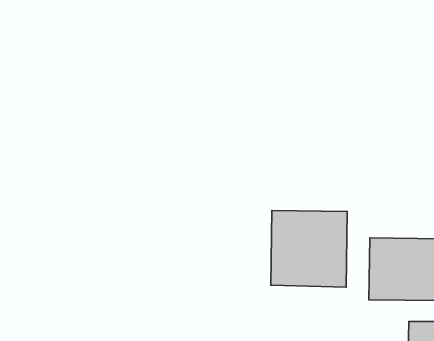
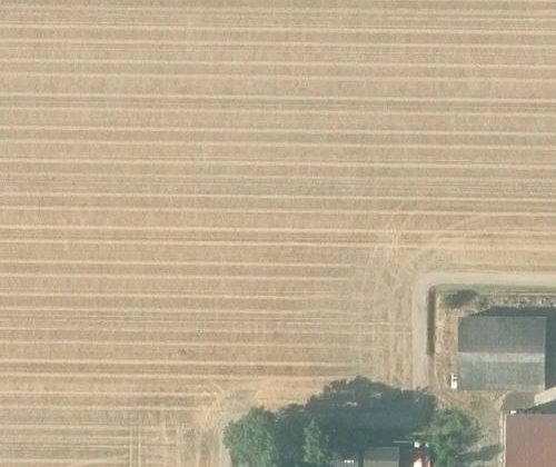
building: [271,211,347,287] -> none

